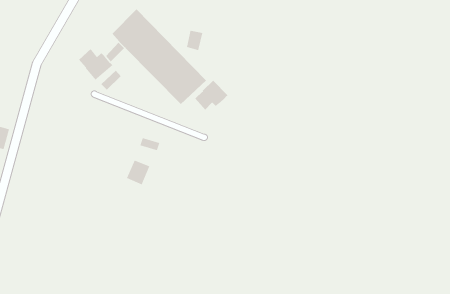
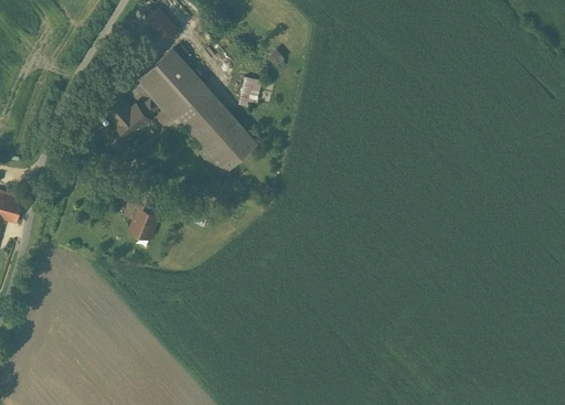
building: [194,80,229,111] -> none
building: [126,160,150,185] -> [125,211,154,242]

